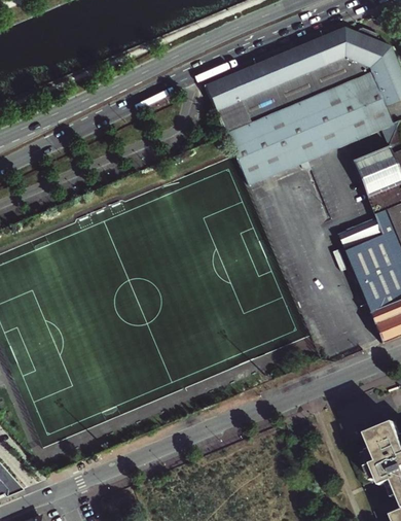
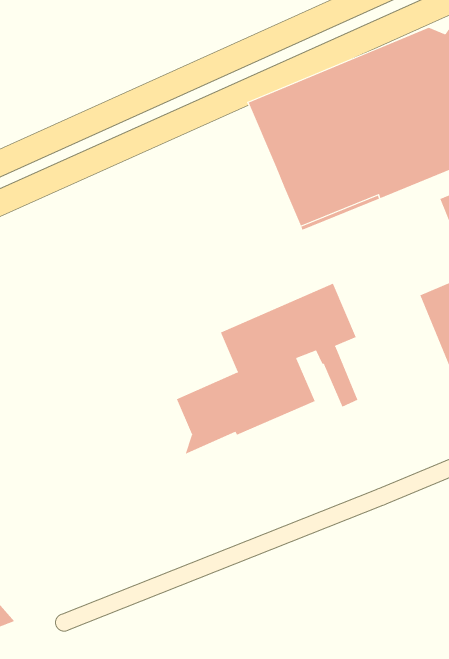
building: none -> [176,283,358,455]

